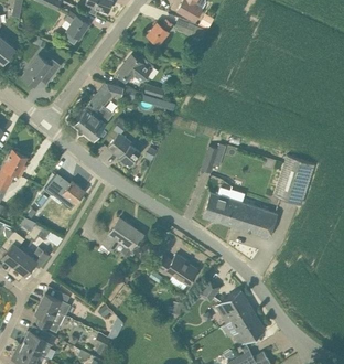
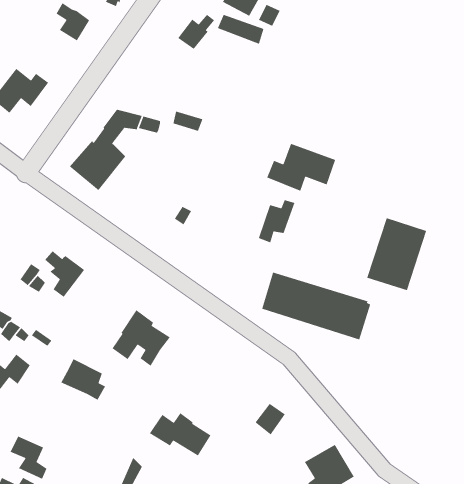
building: [117,54,159,83] -> none
building: none -> [266,143,336,192]
building: [107,132,140,167] -> none
building: [155,254,197,283] -> [149,412,211,456]
building: [40,286,71,314] -> [60,358,106,401]
building: [221,289,252,324] -> none

